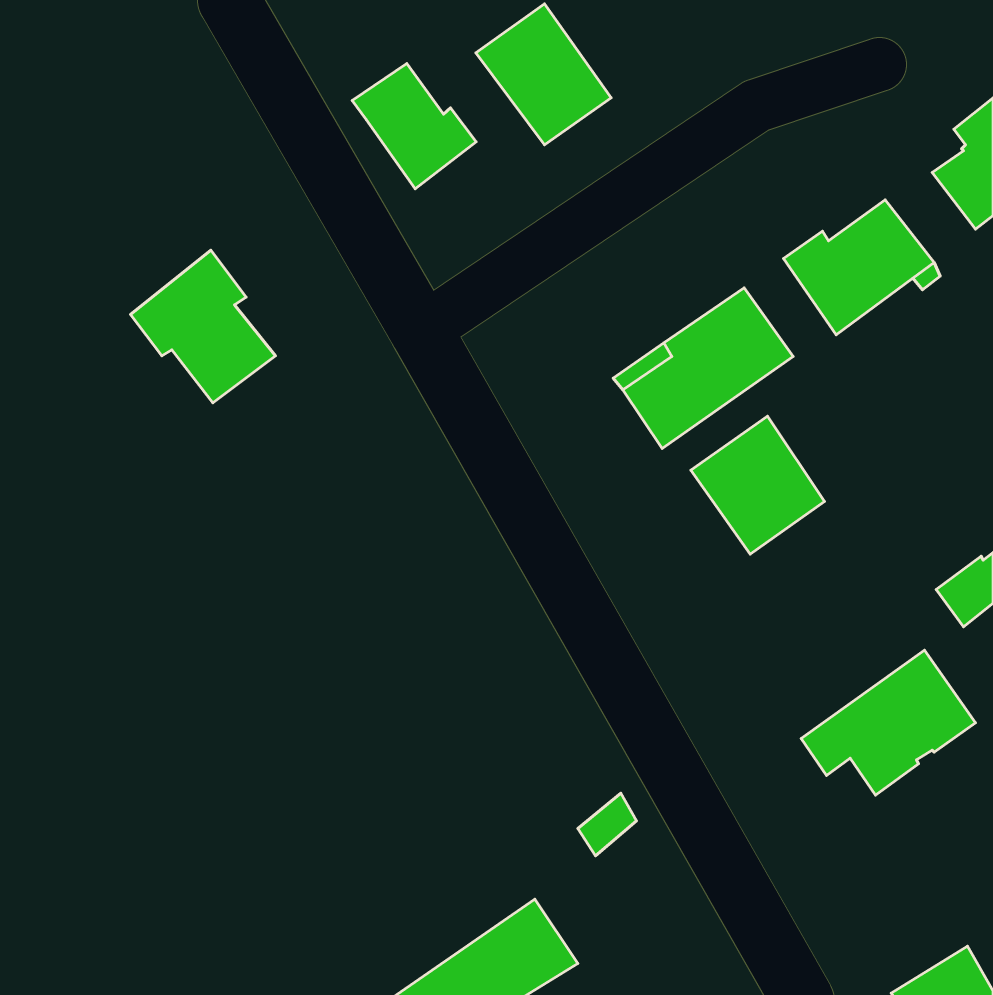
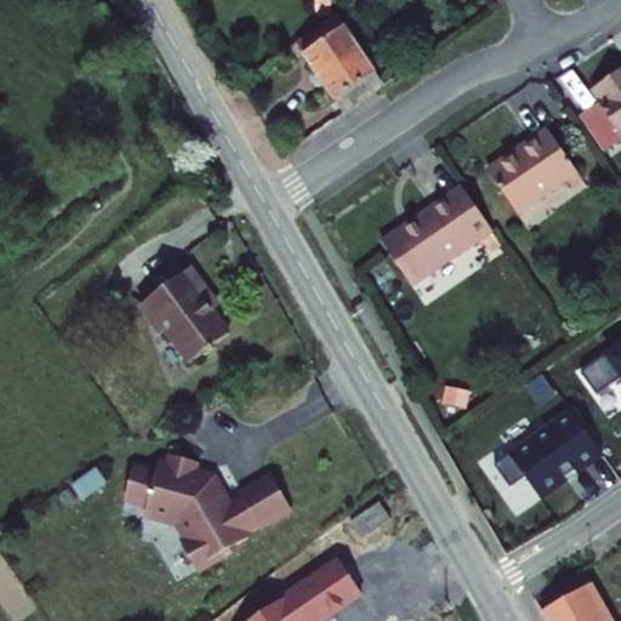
building: [352,64,476,189] -> none
building: [131,250,276,403] -> [136,277,226,371]
building: [691,416,824,554] -> none
building: none -> [121,458,287,572]

